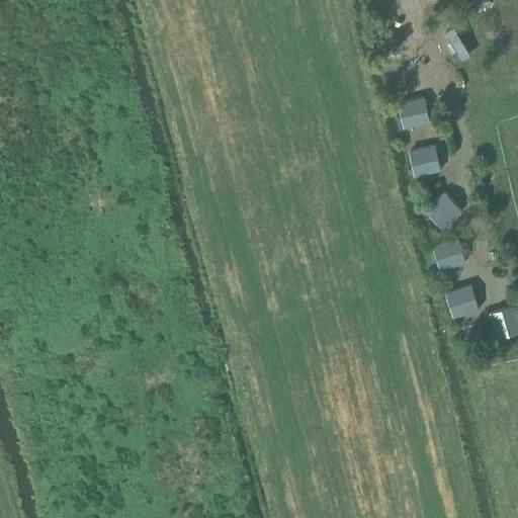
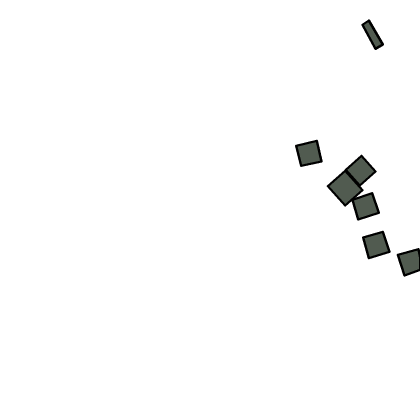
building: [398,98,429,130] -> none
building: [409,147,440,177] -> [296,141,322,166]
building: none -> [328,171,362,206]

